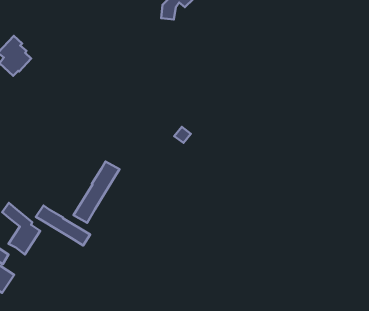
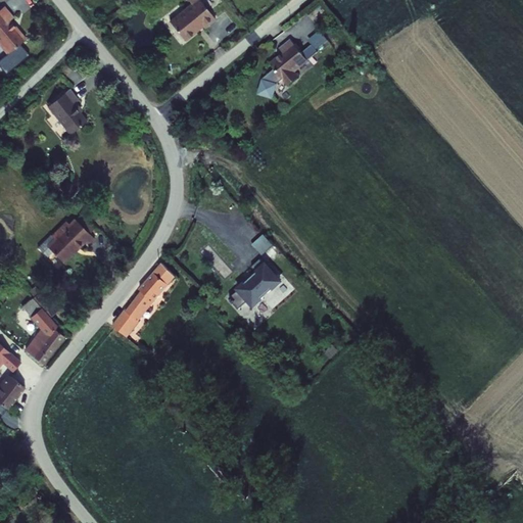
building: none -> [47,219,95,263]
building: none -> [229,260,283,310]
building: [36,205,90,246] -> none

